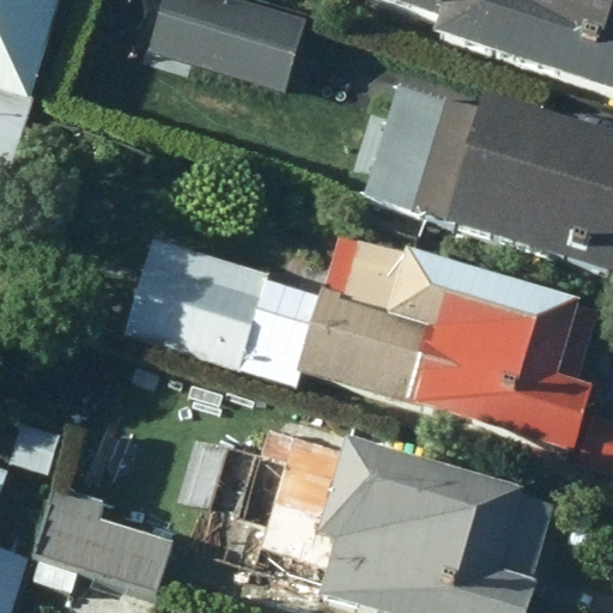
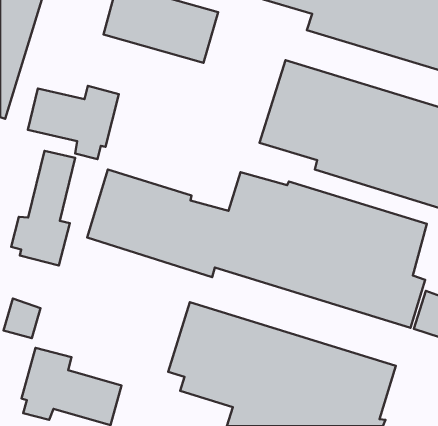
building: none -> [28,86,119,159]
building: none -> [11,151,75,265]

